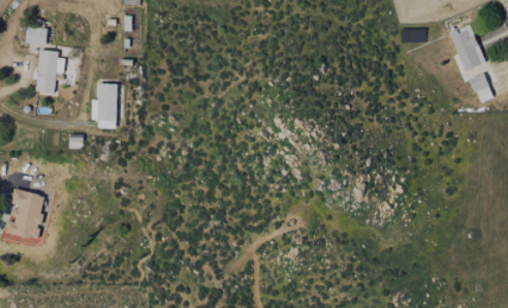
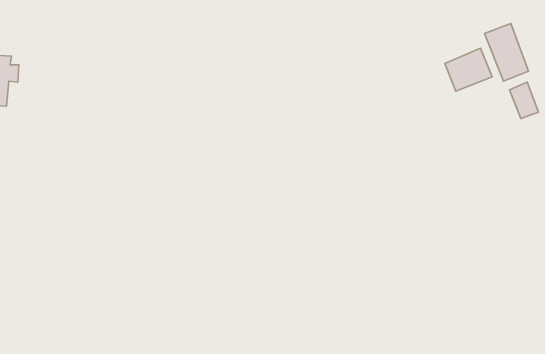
building: none -> [445,48,492,91]
building: [91,83,117,128] -> none

